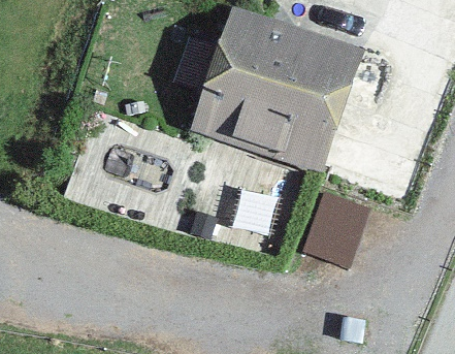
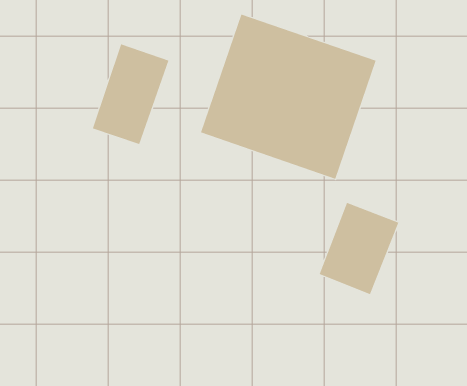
building: none -> [92,43,169,145]

